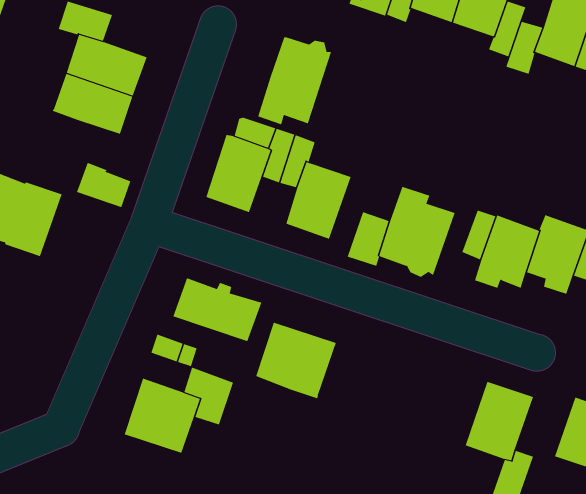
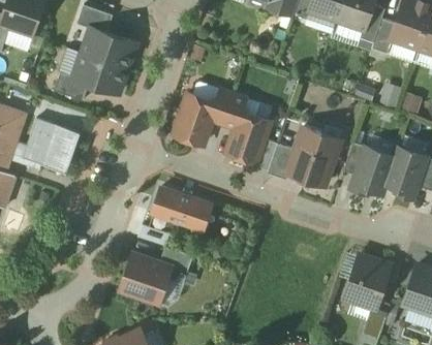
building: [257,36,332,125] -> none
building: [76,162,131,208] -> [53,71,89,101]
building: [256,322,336,399] -> none

